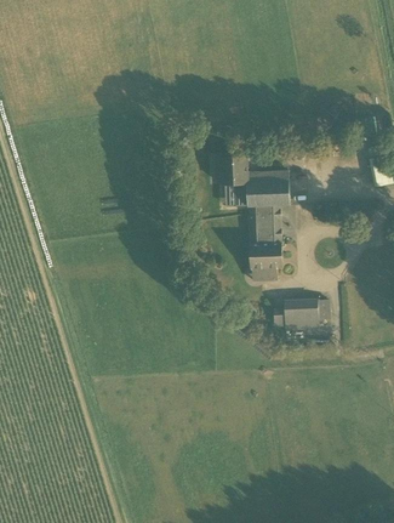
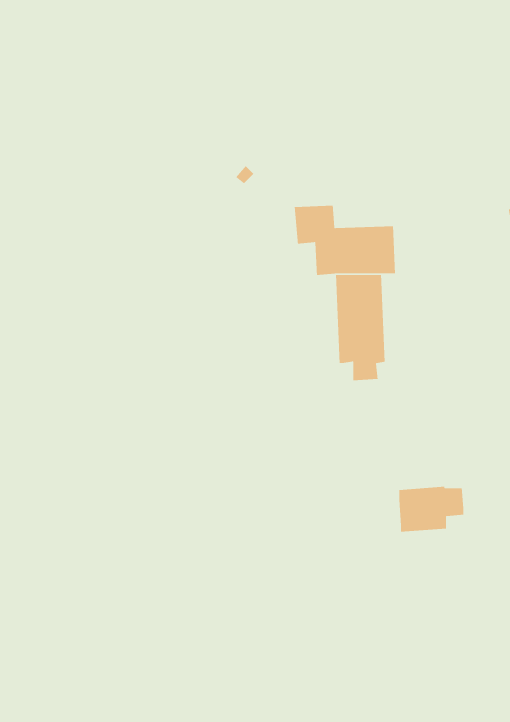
building: [284,297,330,330] -> [399,486,464,533]

